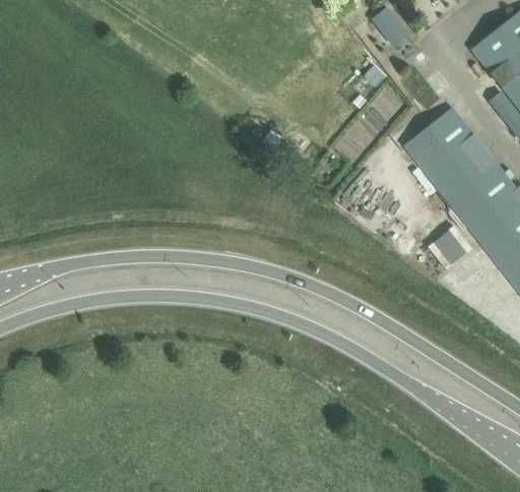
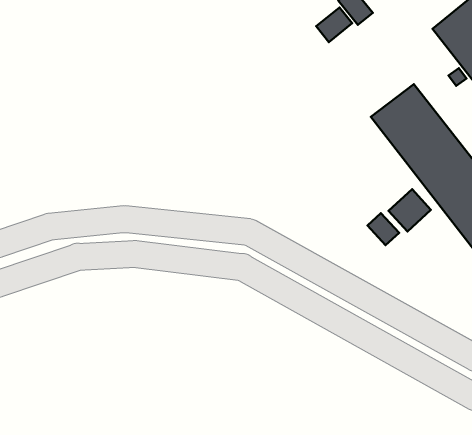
building: none -> [316,7,352,42]
building: none -> [368,213,399,245]

